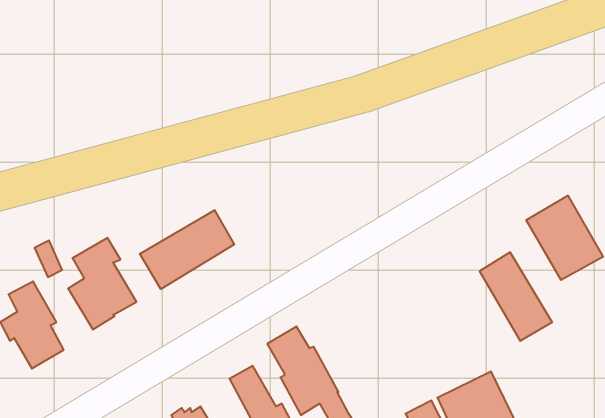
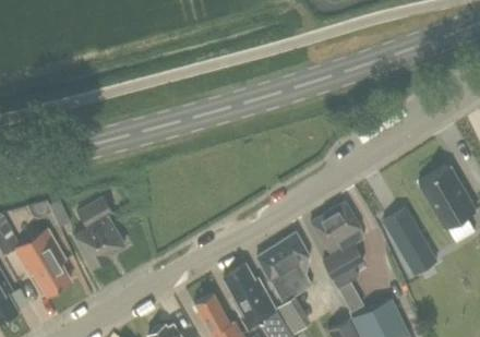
building: [140,210,234,289] -> none
building: none -> [311,202,364,289]
building: none -> [257,232,312,316]

